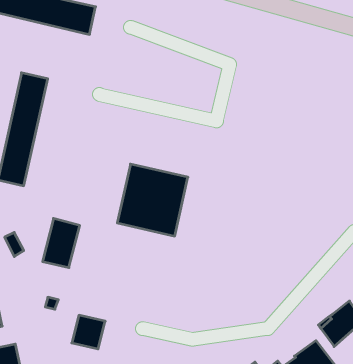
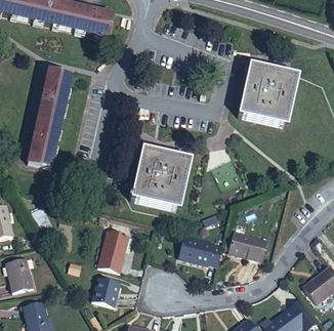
building: none -> [238,65,298,126]
building: [43,218,80,268] -> [97,230,129,272]
building: none -> [228,232,266,260]
building: none -> [179,235,221,265]

